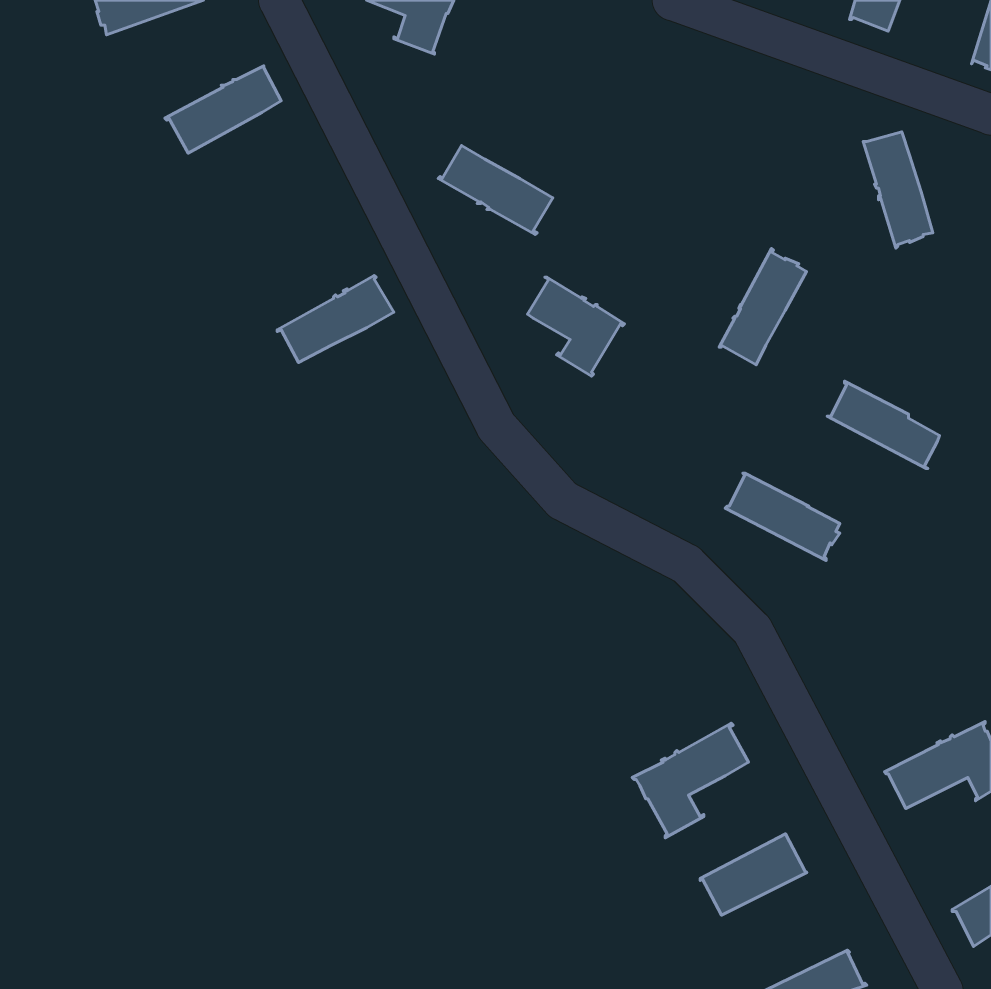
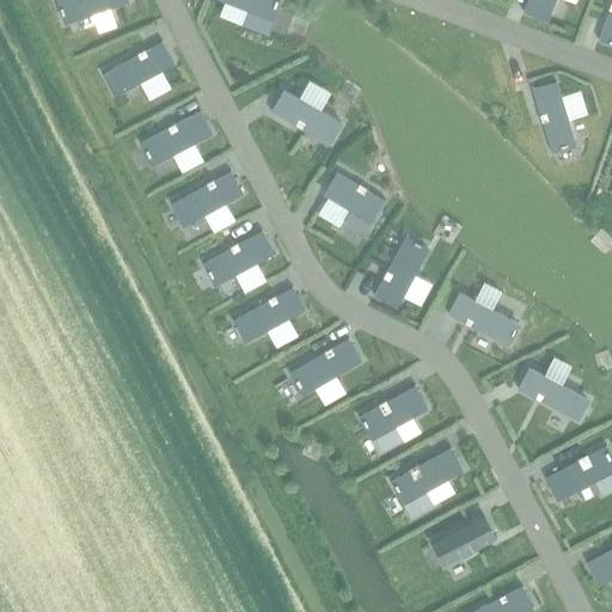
building: none -> [140,111,212,164]
building: [719,248,807,365] -> [374,235,428,307]
building: none -> [202,231,274,284]
building: [827,381,940,468] -> [518,367,587,421]
building: none -> [233,287,304,341]
building: none -> [289,338,360,393]
building: none -> [359,385,427,453]

